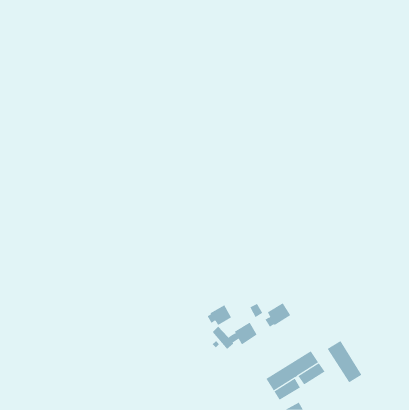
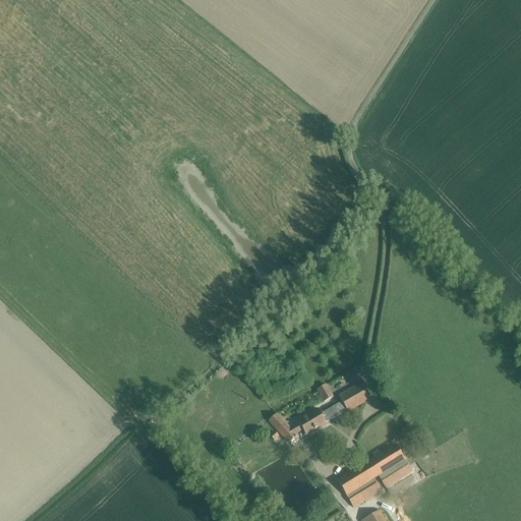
building: [207,305,232,326] -> none
building: [327,340,362,383] -> none

